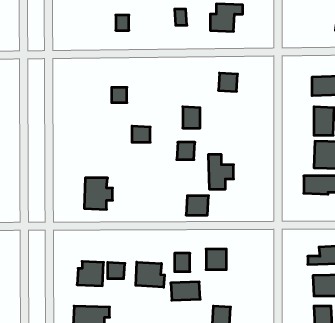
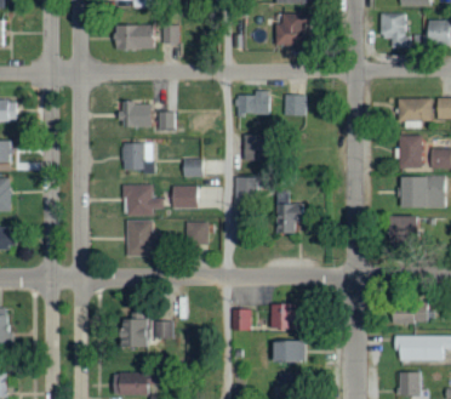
building: none -> [381,13,412,47]
building: none -> [115,24,154,50]
building: none -> [238,91,272,115]
building: none -> [122,103,152,127]
building: none -> [122,142,155,172]
building: none -> [122,184,164,216]
building: none -> [172,186,199,209]
building: [186,196,209,215] -> [184,222,211,245]
building: [136,262,165,287] -> none
building: [171,282,200,300] -> [272,341,307,363]

